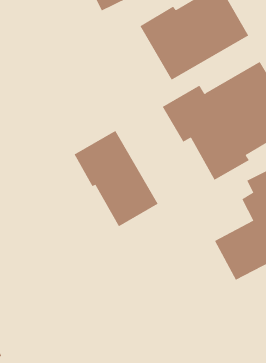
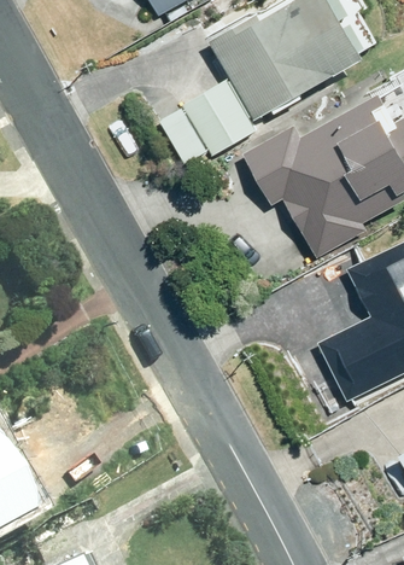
building: none -> [181,78,257,157]
building: [74,130,158,227] -> none

